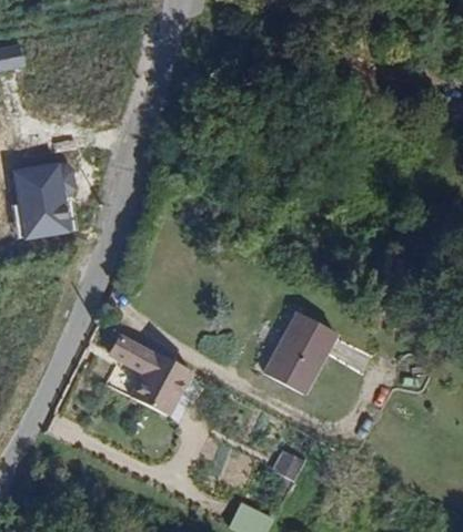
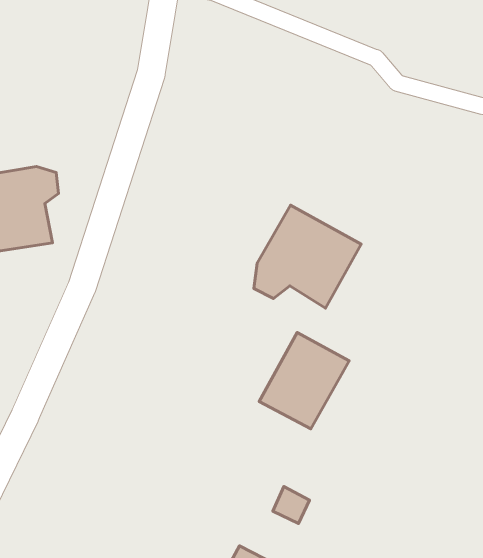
building: none -> [254,205,361,308]
building: [109,335,193,415] -> none

